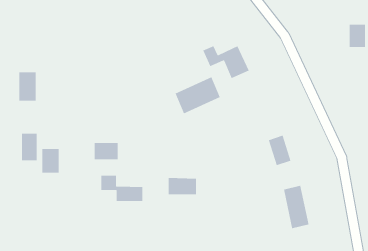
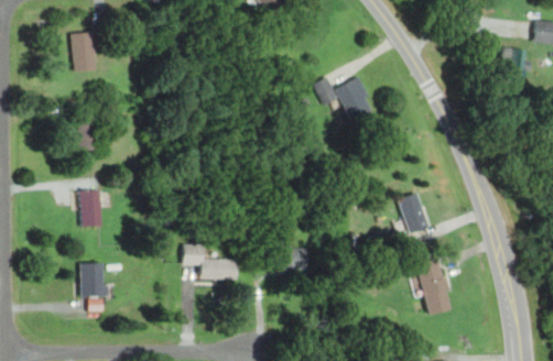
building: none -> [72,32,95,72]
building: [174,76,221,114] -> none
building: [94,142,118,160] -> none
building: [42,148,59,174] -> [80,264,104,297]

